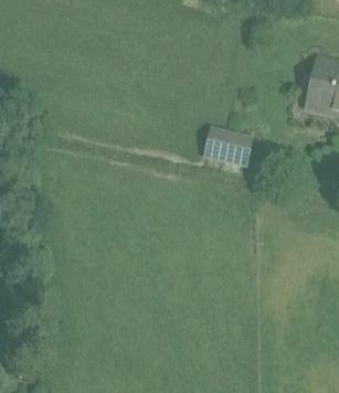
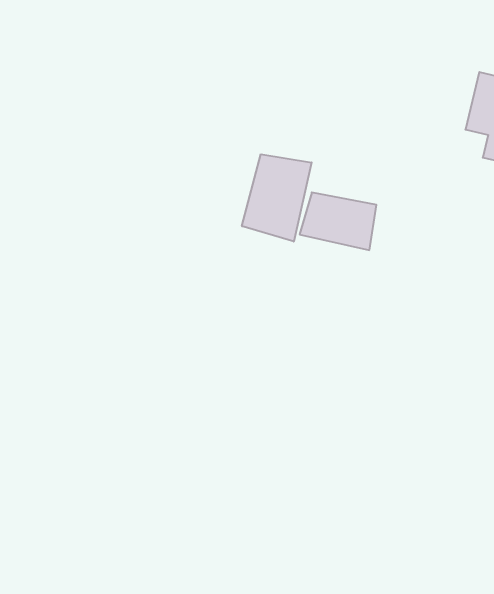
building: none -> [242,154,312,242]

